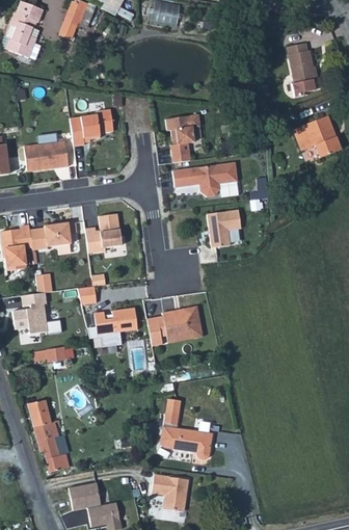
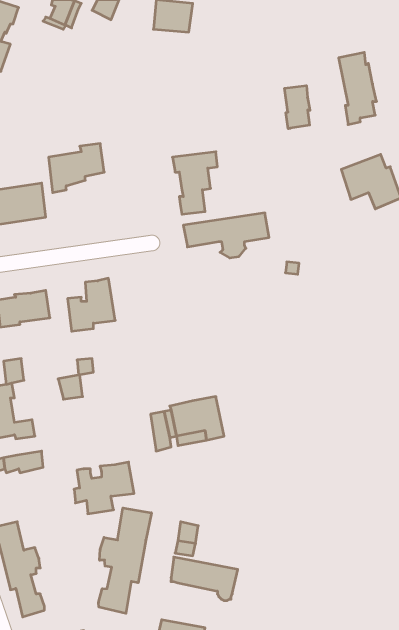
building: none -> [285,86,310,129]
building: [208,208,241,246] -> none
building: [91,306,137,345] -> [74,462,134,514]
building: none -> [99,508,151,613]

